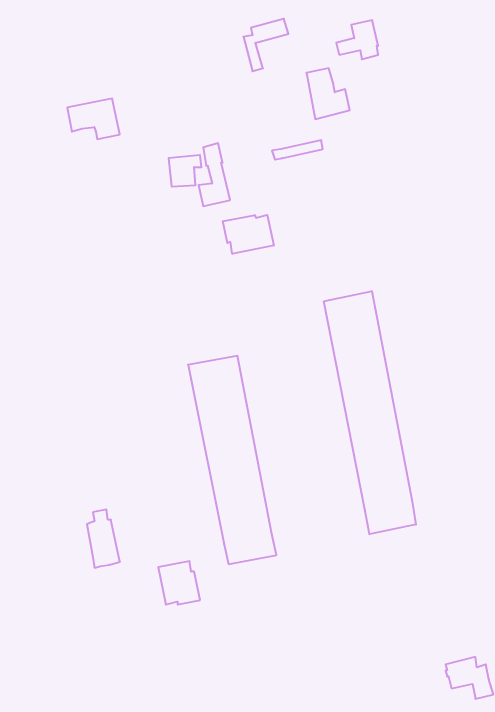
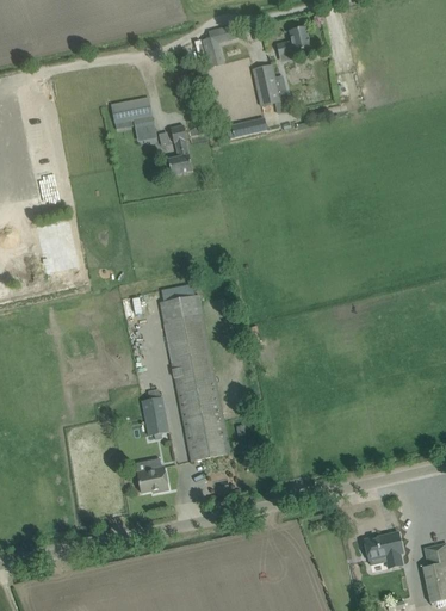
building: [67,99,120,139] -> [111,97,153,129]
building: [223,215,274,254] -> none
building: [324,291,416,534] -> none
building: [87,509,120,568] -> [142,388,168,434]

